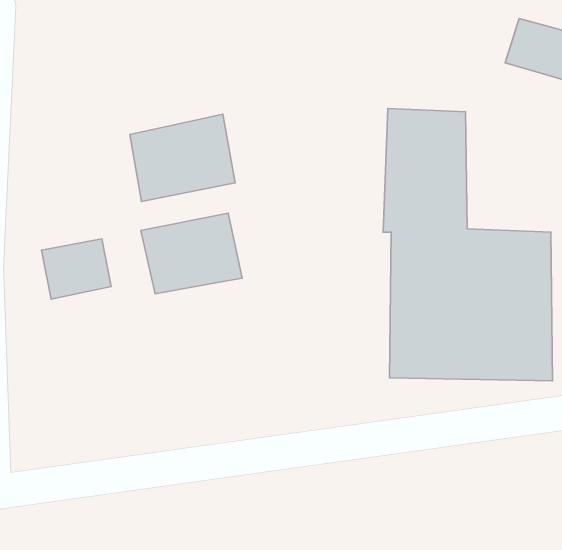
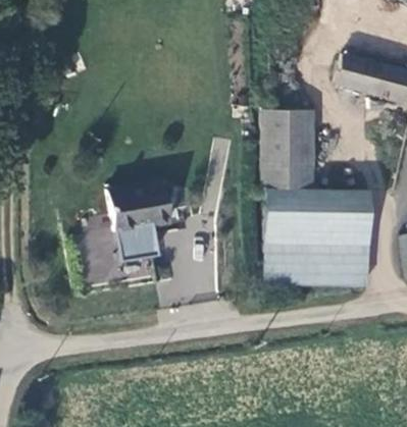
building: [130,114,235,202] -> none
building: [42,239,111,299] -> [113,223,158,262]

